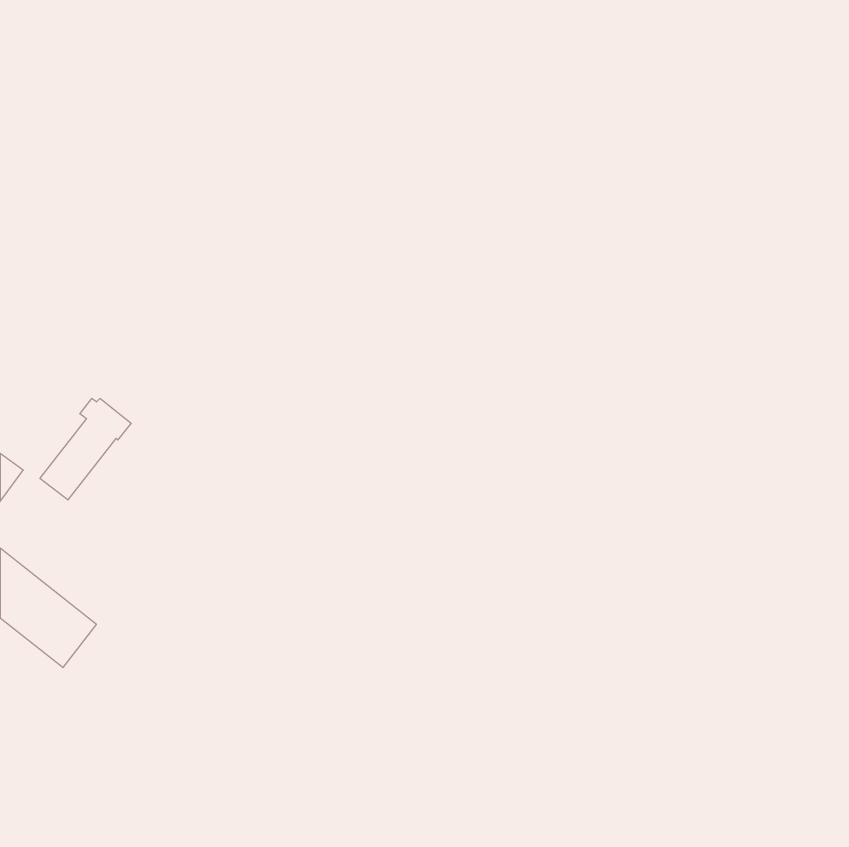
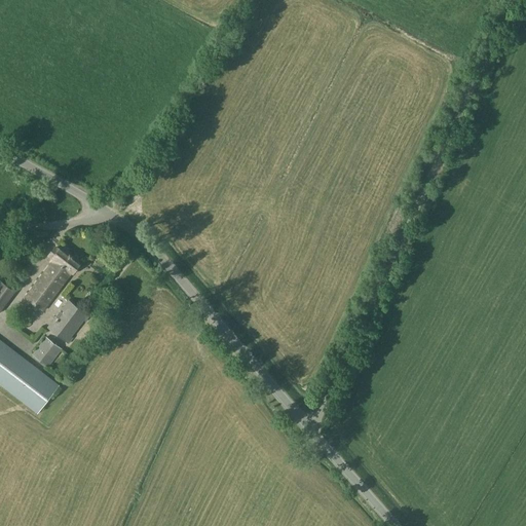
building: none -> [47,300,88,343]
building: none -> [33,337,62,367]

